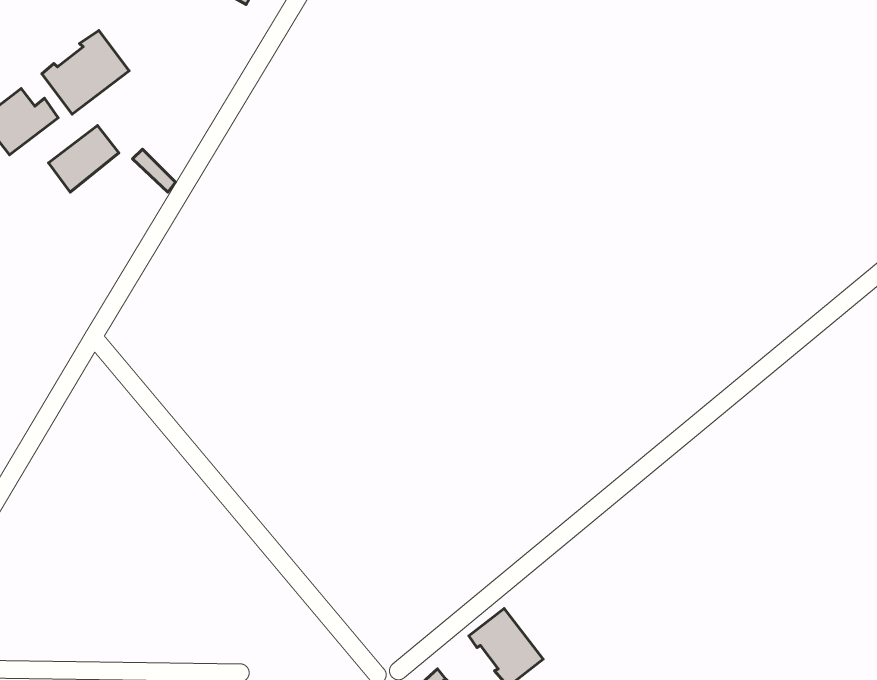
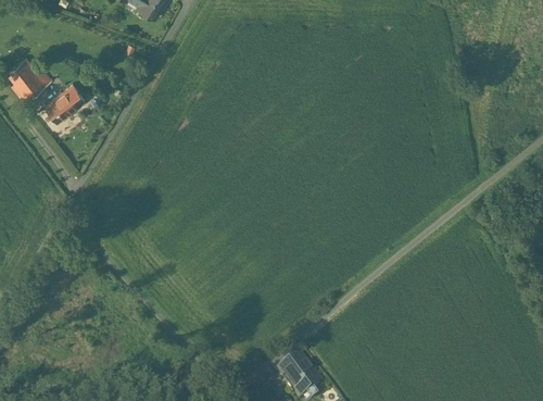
building: [42,31,129,114] -> none

